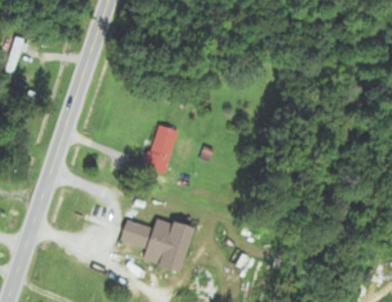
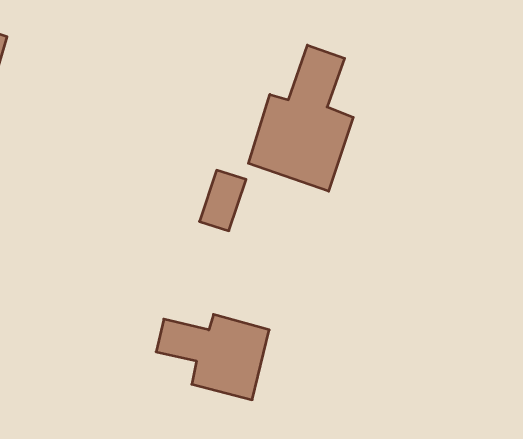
building: none -> [248,45,353,191]

